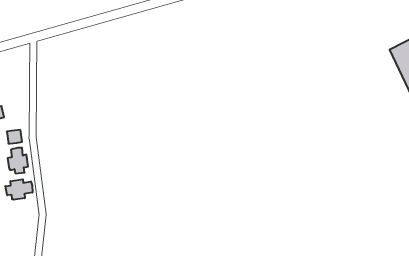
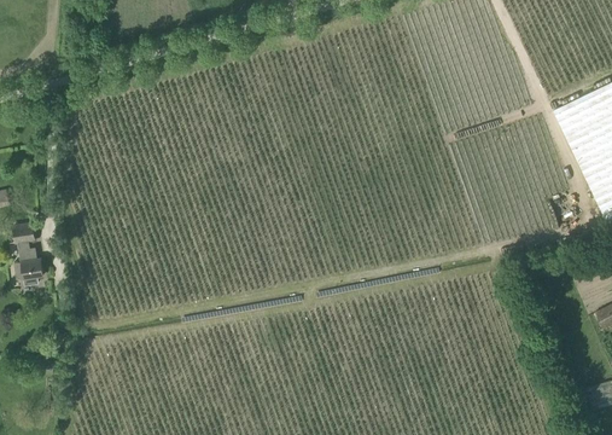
building: [5,179,32,200] -> none

